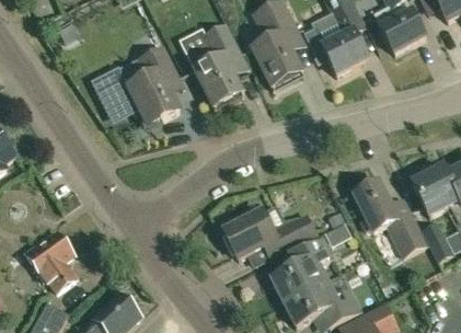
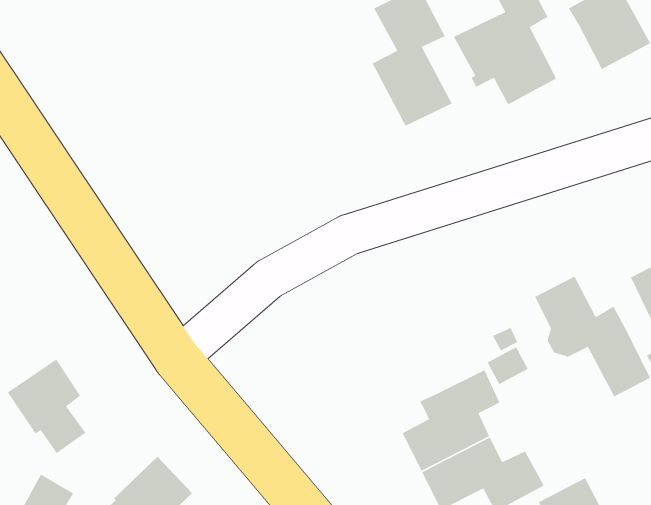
building: [184,23,243,107] -> none
building: [94,47,178,125] -> none
building: [221,210,315,259] -> none

